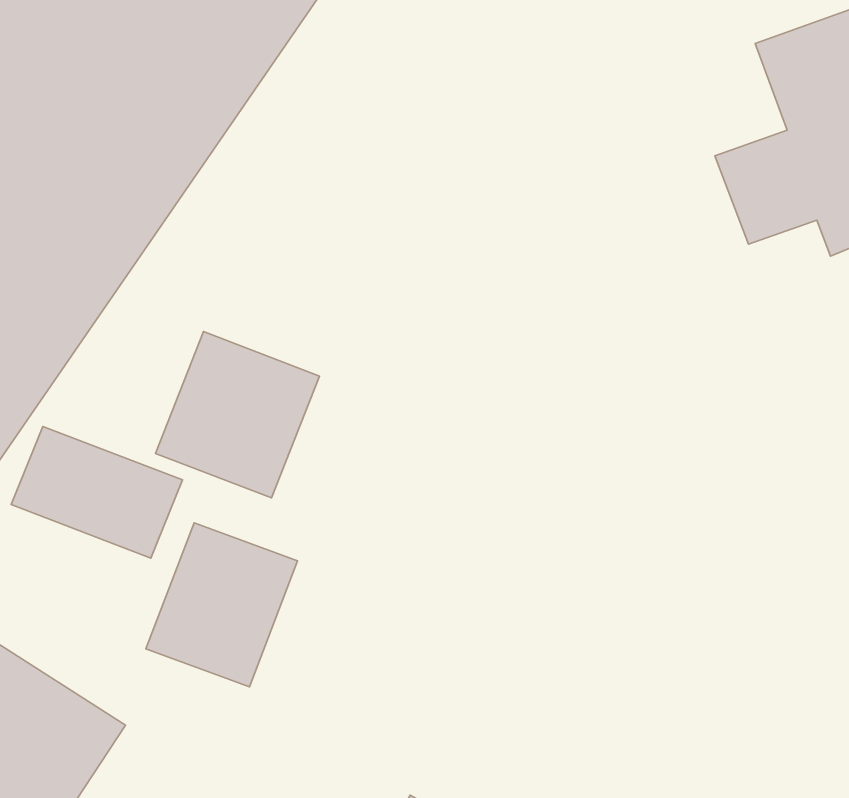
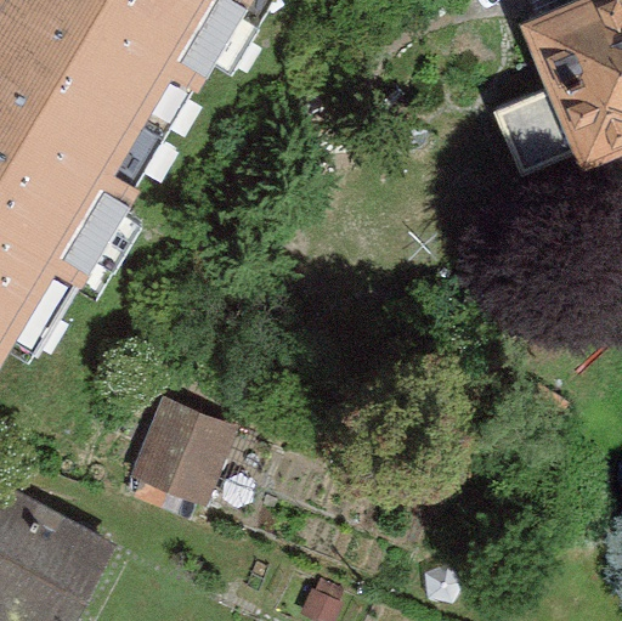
building: [155,332,320,498] -> none
building: [11,426,182,558] -> none

